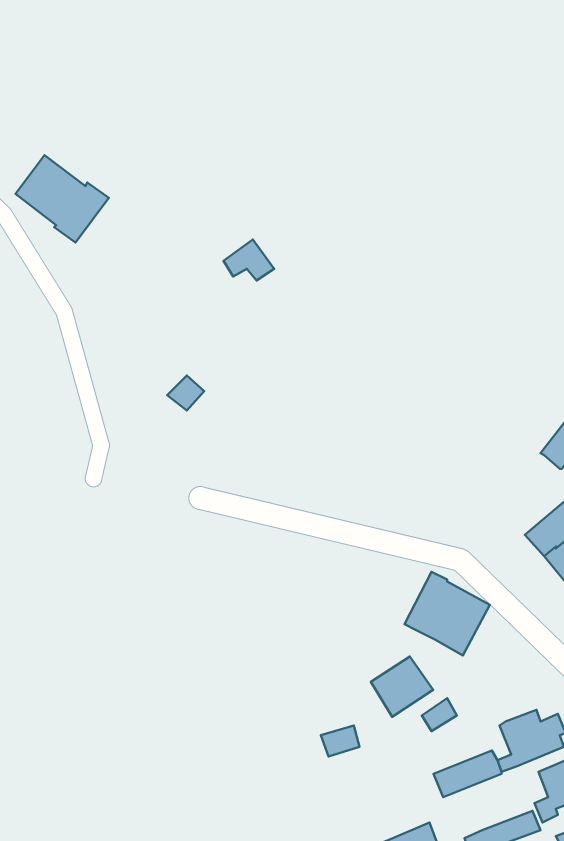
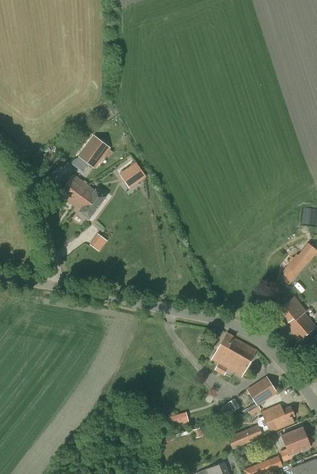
building: [15,155,109,243] -> [58,174,106,219]
building: none -> [78,134,112,168]
building: [371,657,433,717] -> [246,375,278,406]

